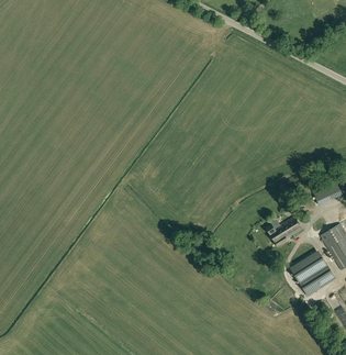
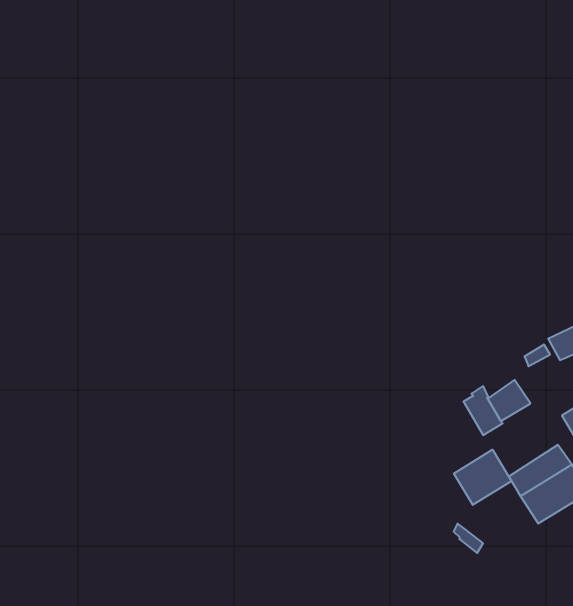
building: none -> [454,450,512,505]

